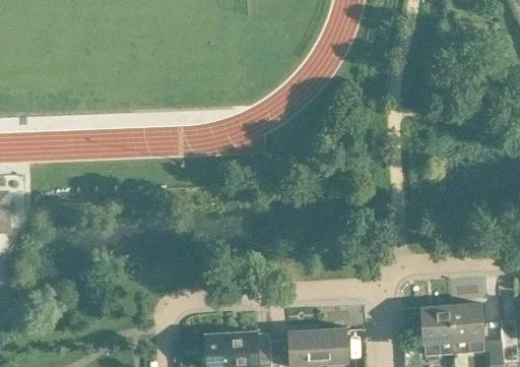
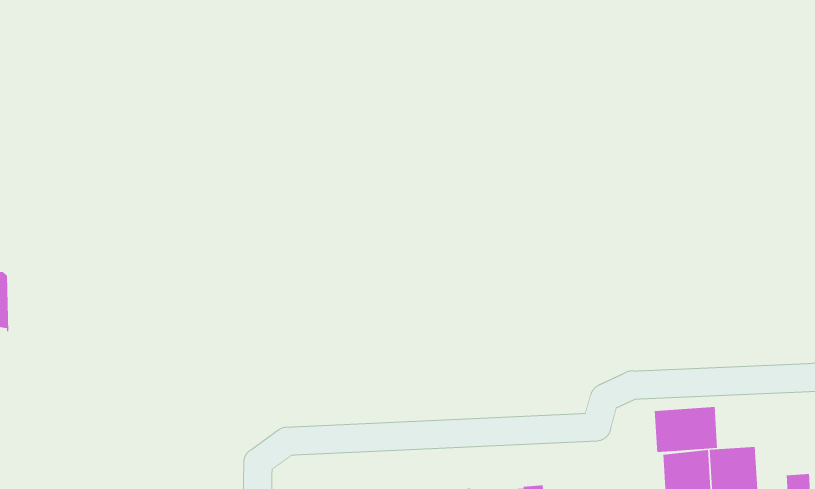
building: none -> [654,406,718,453]

